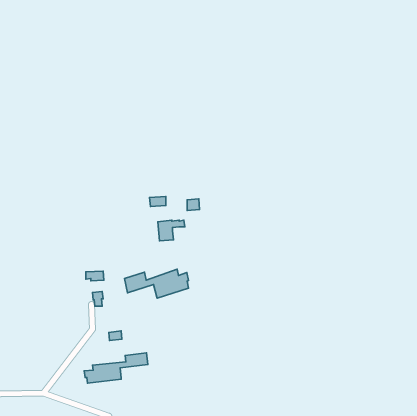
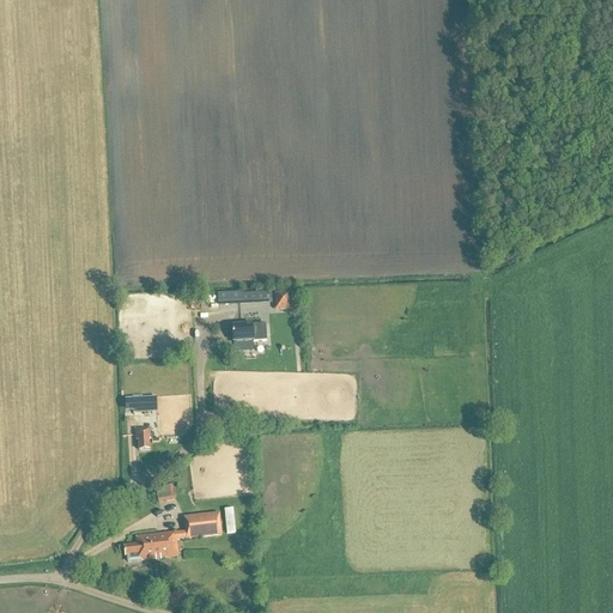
building: [125,269,189,298] -> none

